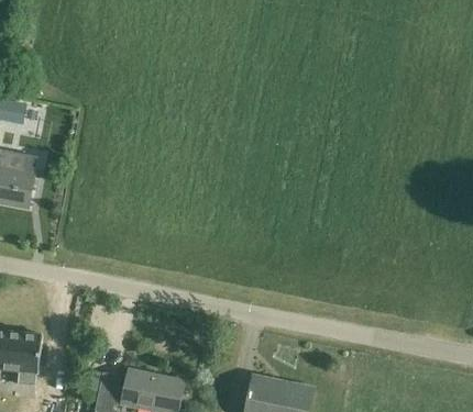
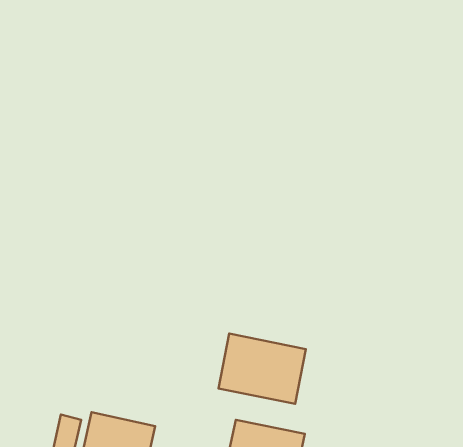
building: none -> [219,333,306,404]

